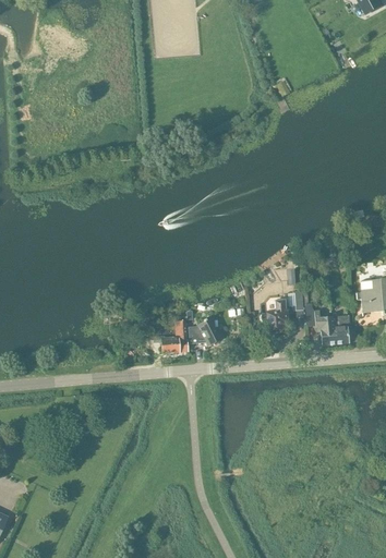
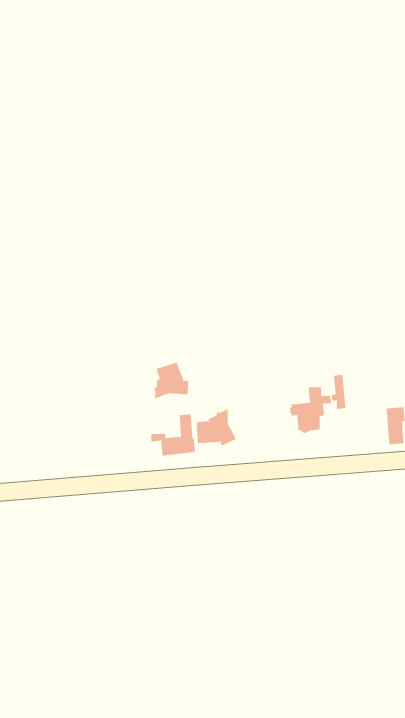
building: none -> [153,362,189,399]
building: [304,302,336,344] -> none

